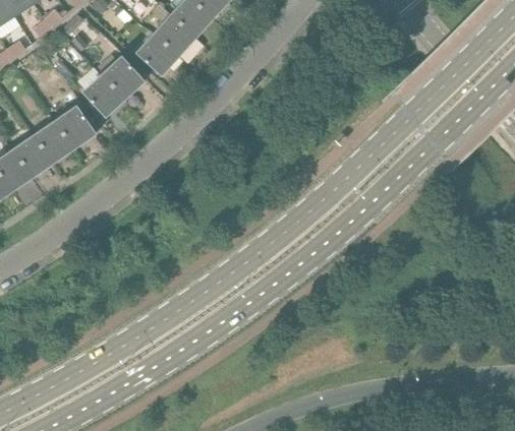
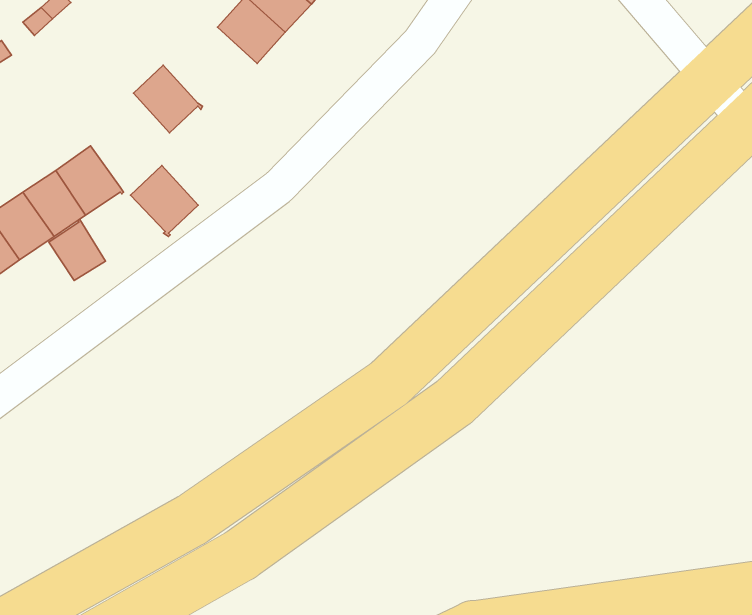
building: [136,33,178,76] -> none
building: [82,73,124,117] -> [130,165,198,236]
building: none -> [49,220,106,280]

